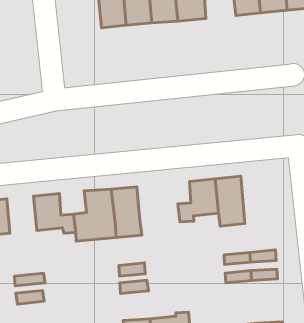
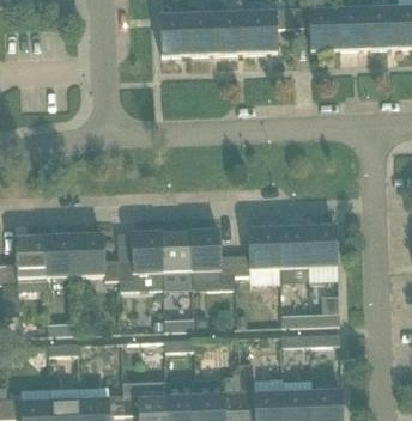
building: none -> [305,227,337,281]
building: none -> [189,232,235,288]
building: none -> [44,237,75,276]

